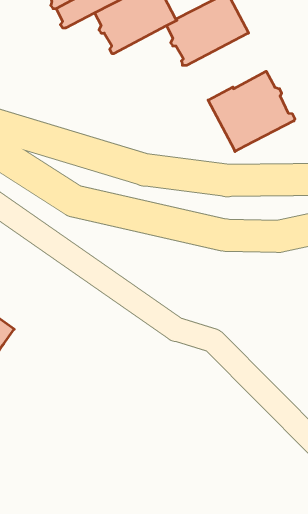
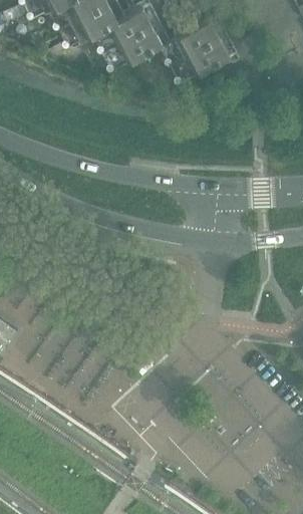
building: [208,71,295,152] -> none

